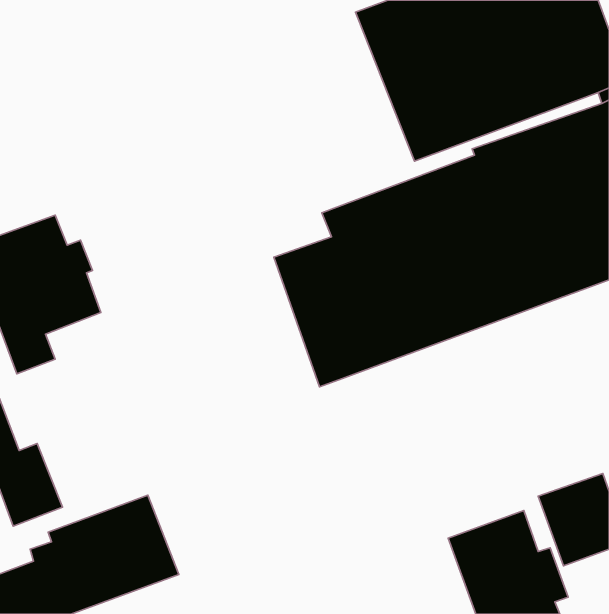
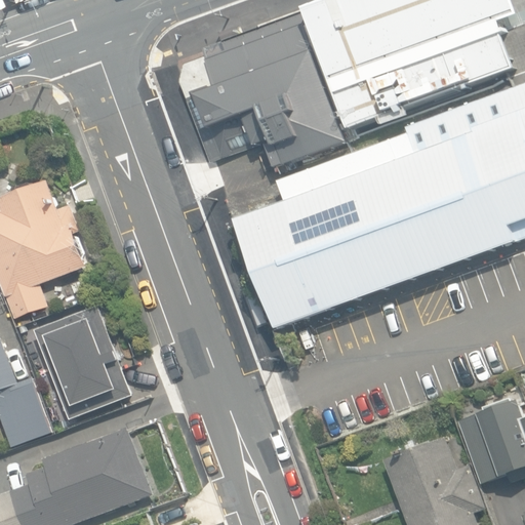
building: none -> [177,13,355,168]
building: none -> [34,307,131,419]

